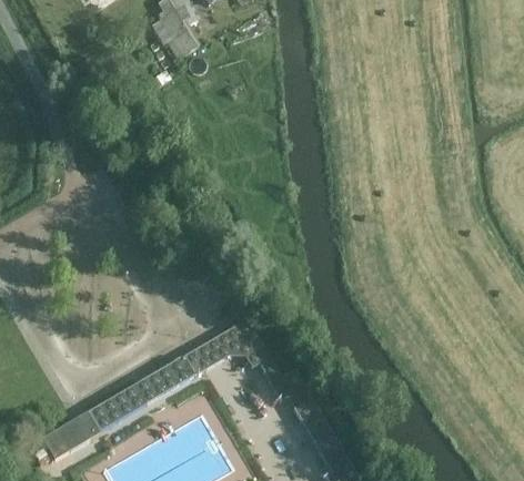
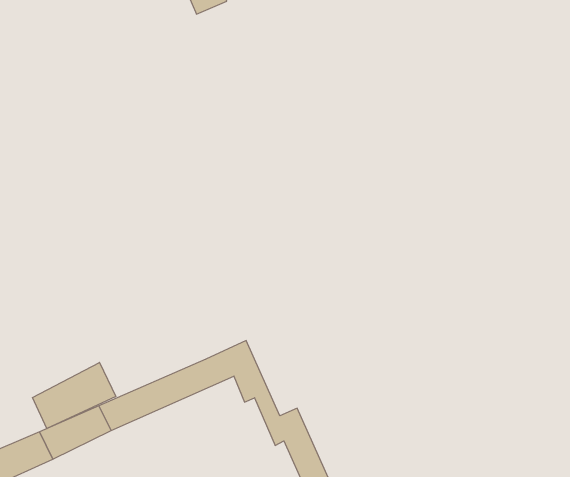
building: none -> [32,362,116,429]

